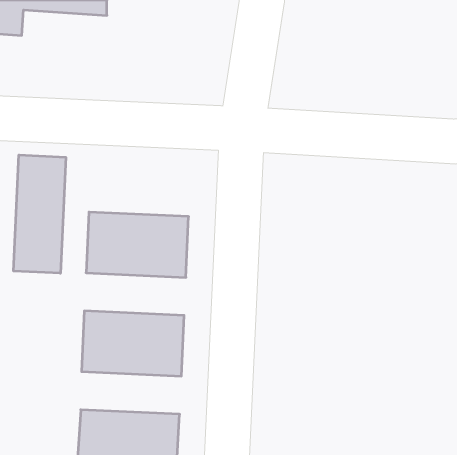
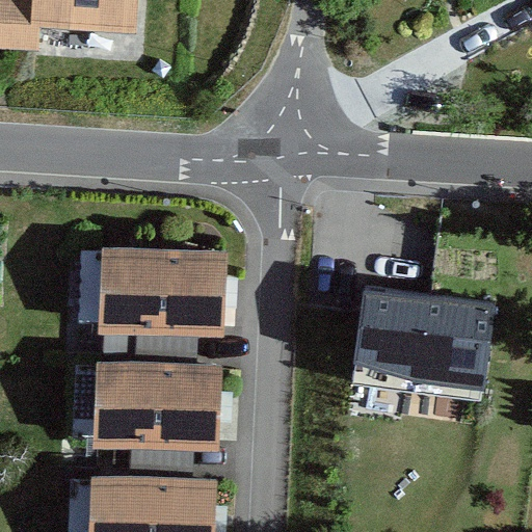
building: [14,155,66,273] -> none
building: none -> [366,288,497,384]

